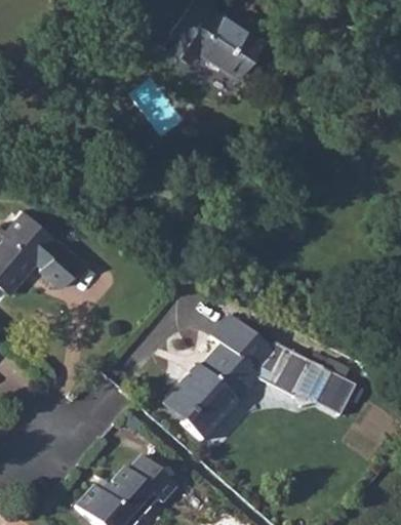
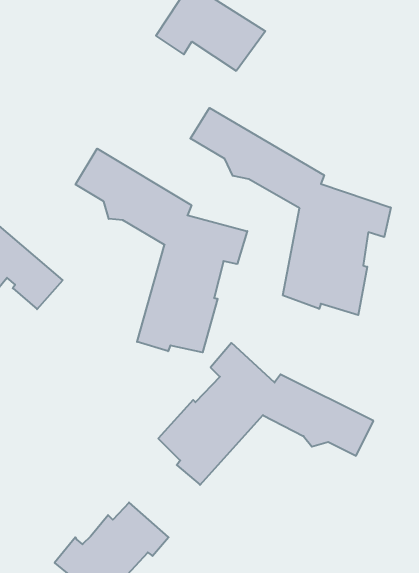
building: none -> [190,108,391,315]
building: none -> [76,149,247,352]

